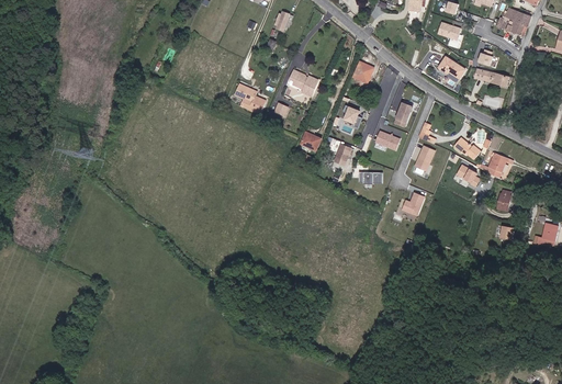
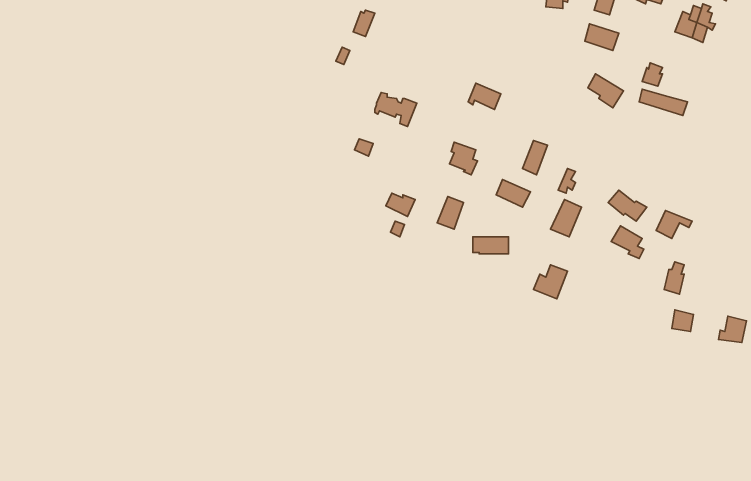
building: [234,83,265,113] -> none

